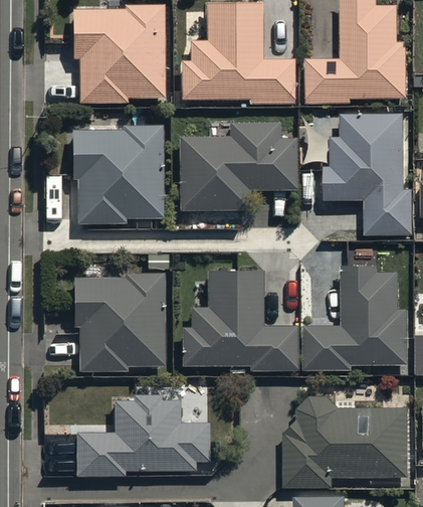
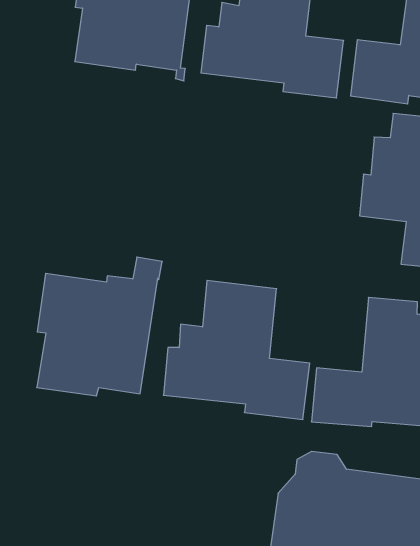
building: [178,121,296,210] -> none
building: [71,125,165,222] -> none
building: [75,394,208,480] -> none

